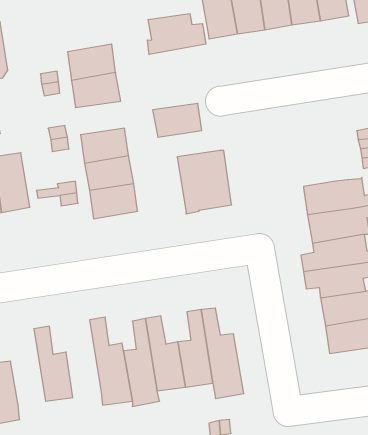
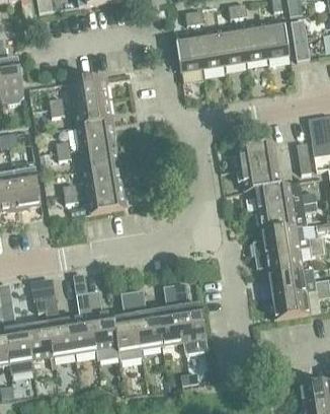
building: [147,14,206,55] -> none
building: [153,103,202,137] -> [77,121,115,147]
building: [177,151,232,214] -> [238,141,280,191]
building: none -> [70,292,97,353]
building: none -> [26,299,54,359]

